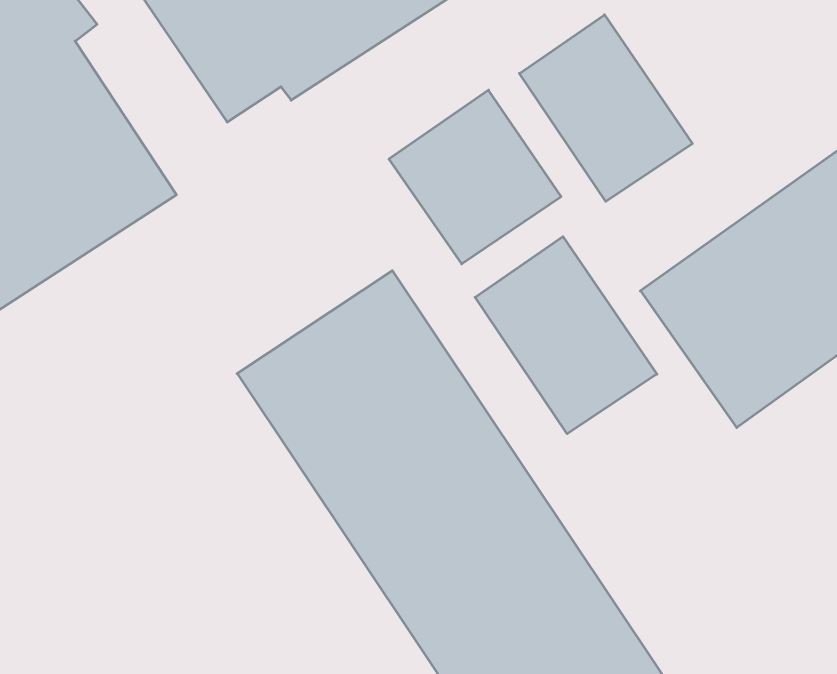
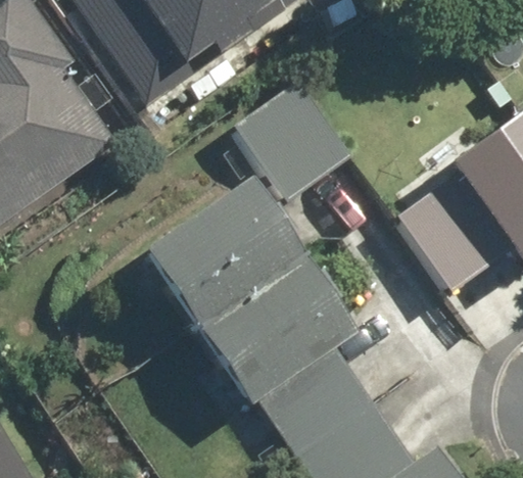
building: [519,15,692,201] -> none
building: [475,237,657,434] -> none

